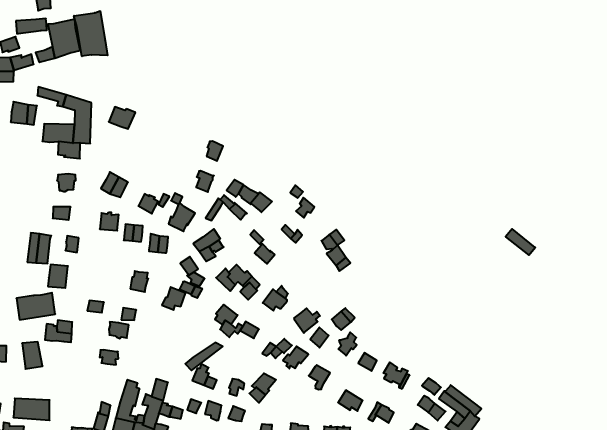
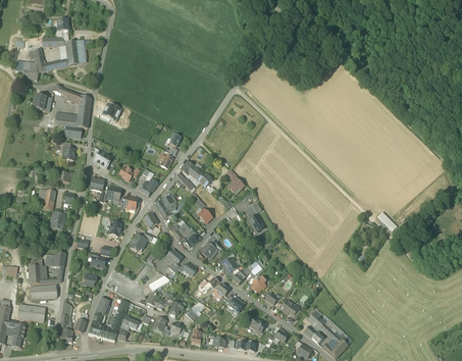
building: [74,11,108,56] -> none
building: [16,293,55,320] -> [30,281,56,299]

